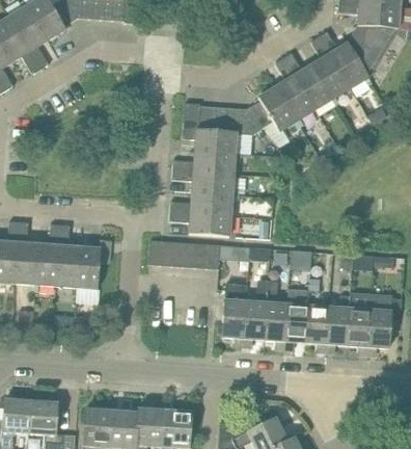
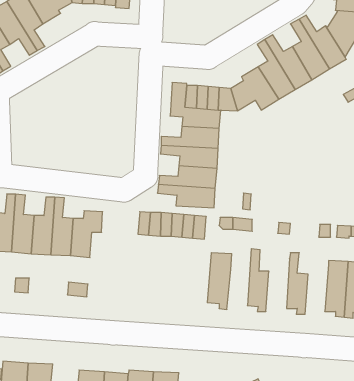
building: [243,279,269,343] -> none
building: [284,288,309,346] -> none
building: [326,294,351,349] -> none

